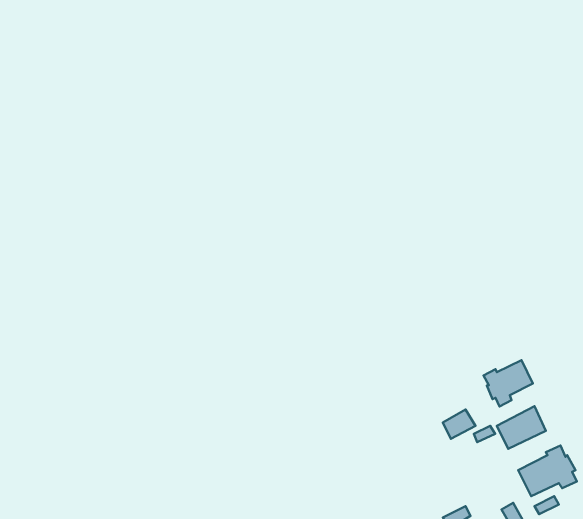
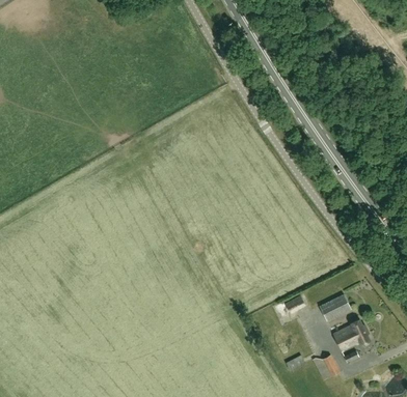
building: [483,360,533,407] -> none

